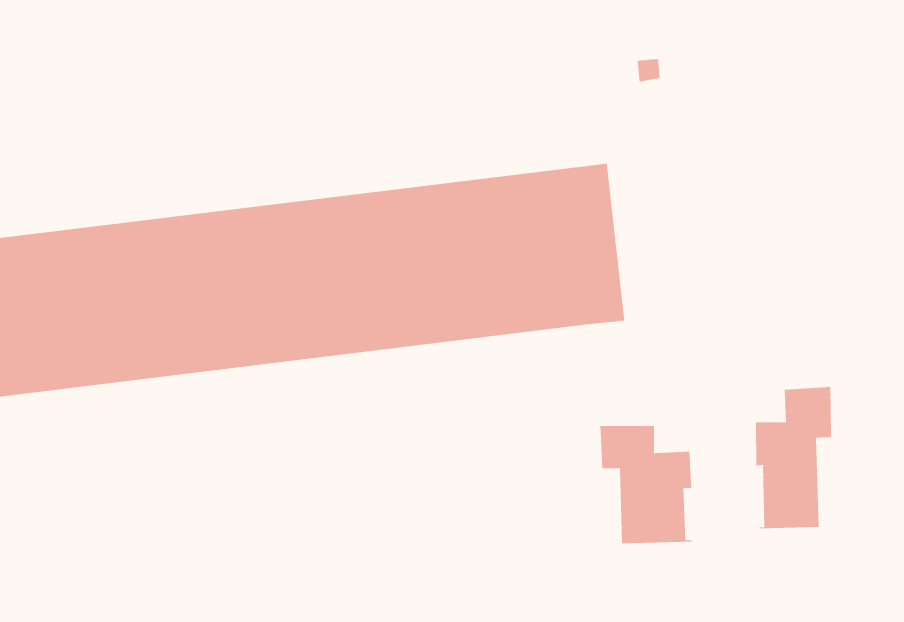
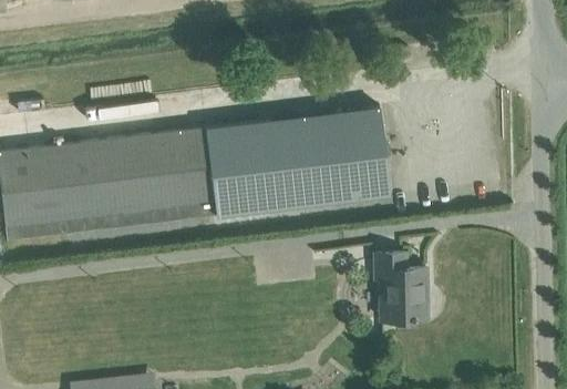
building: [756,386,831,529] -> none

